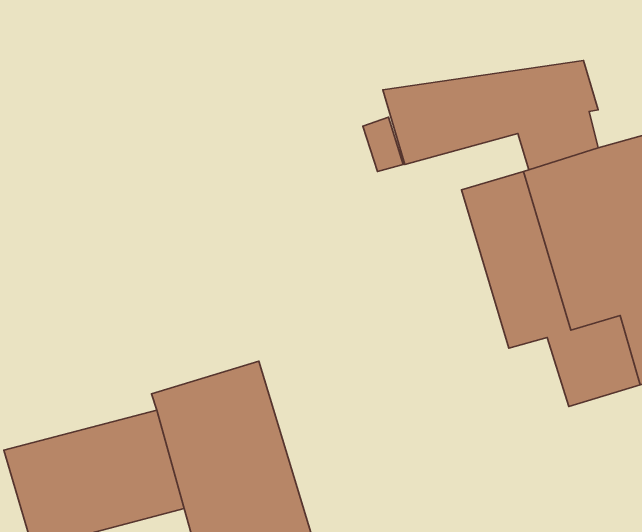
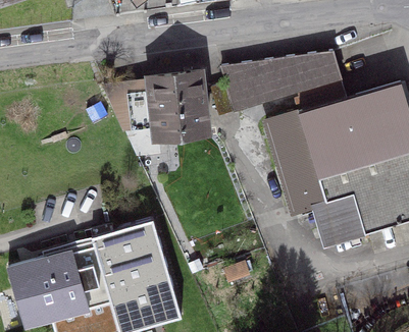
building: none -> [110,72,209,156]

